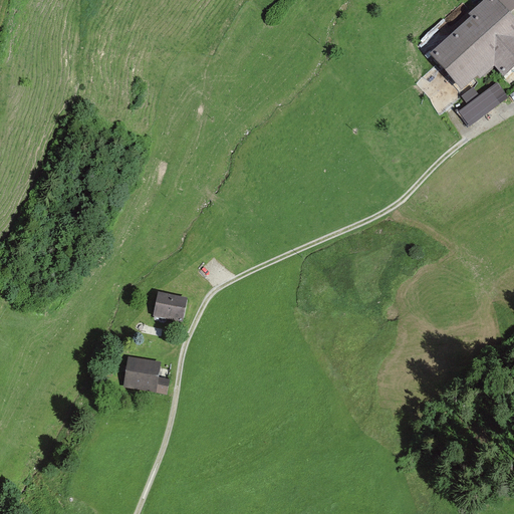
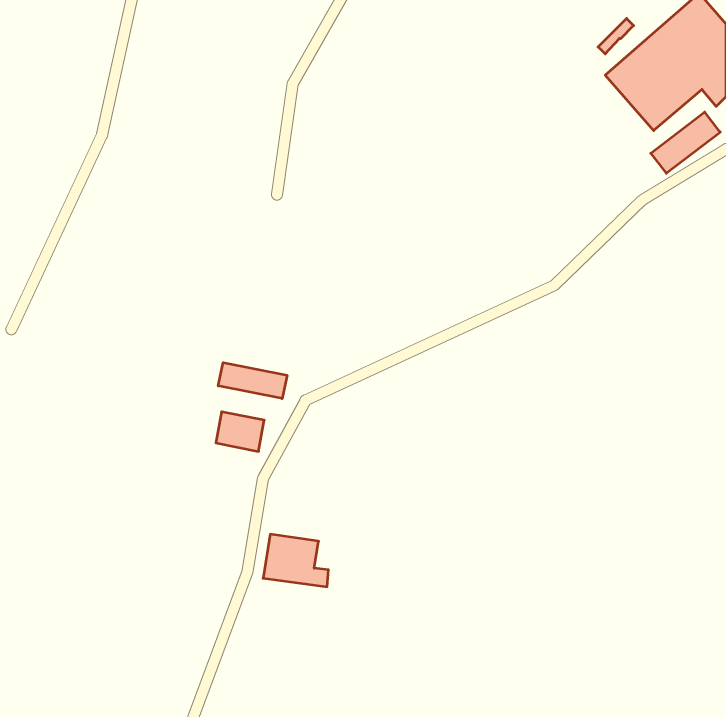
building: none -> [218,363,287,399]
building: [123,354,170,392] -> [263,534,328,587]

